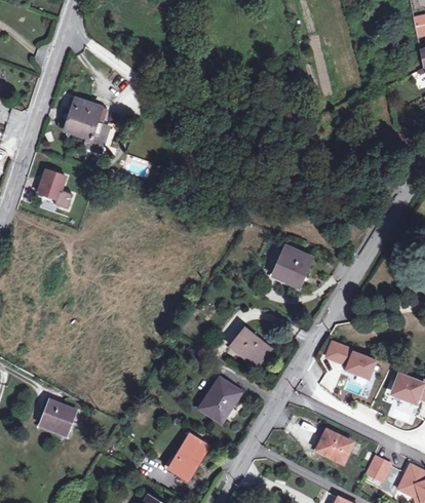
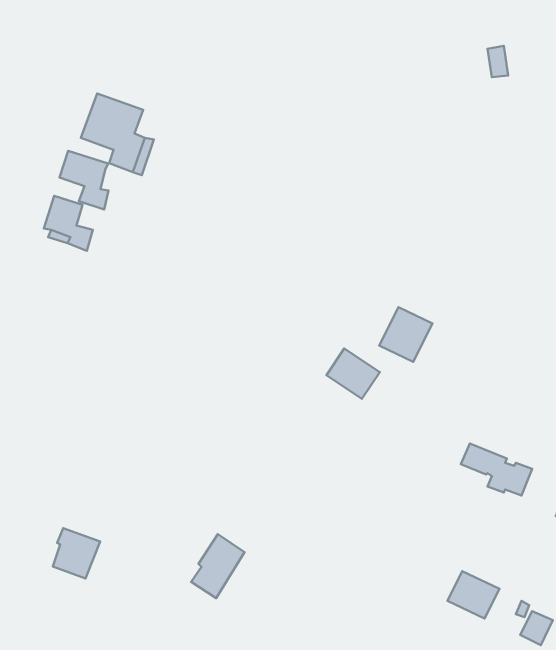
building: none -> [59,151,109,210]
building: [229,331,266,365] -> [326,348,380,399]
building: [203,380,239,422] -> none
building: [172,434,209,478] -> [191,534,244,598]

